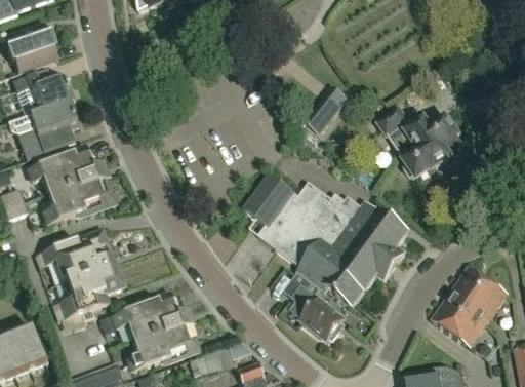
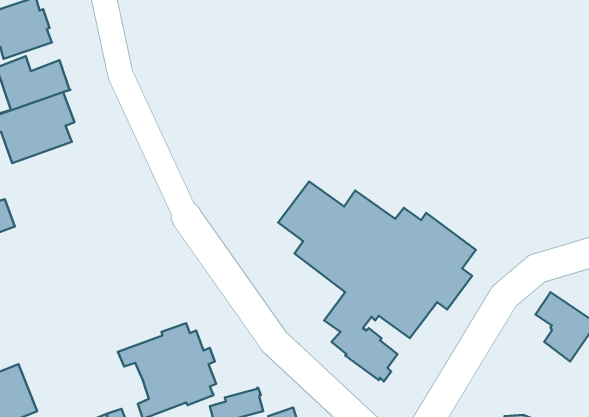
building: [310,88,346,127] -> none
building: [377,107,462,178] -> none
building: [28,144,109,223] -> none
building: [35,231,122,325] -> none
building: [433,284,486,345] -> none

